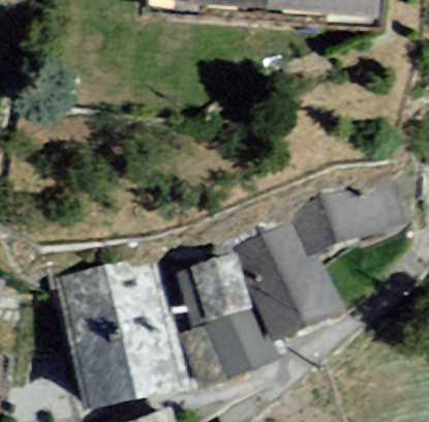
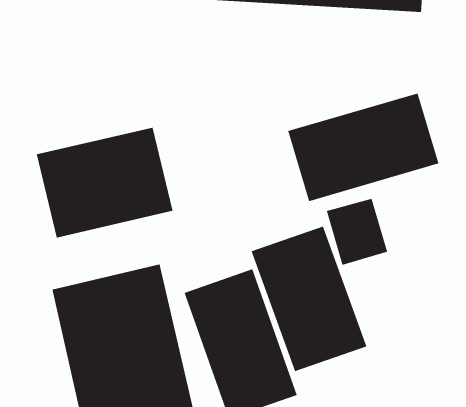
building: none -> [287,92,440,202]
building: none -> [36,127,174,238]

